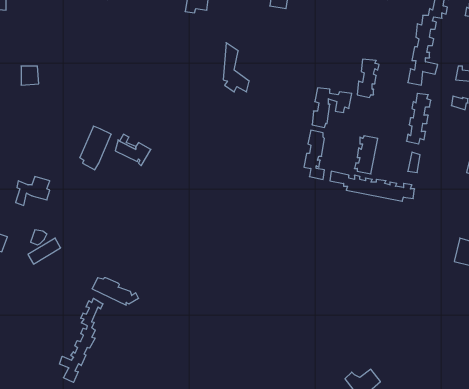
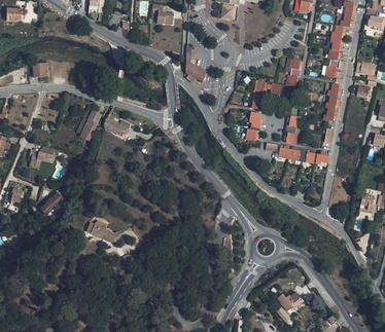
building: [60,298,103,382] -> none

